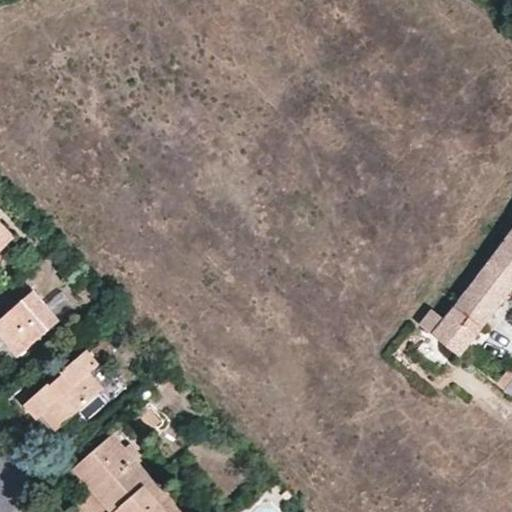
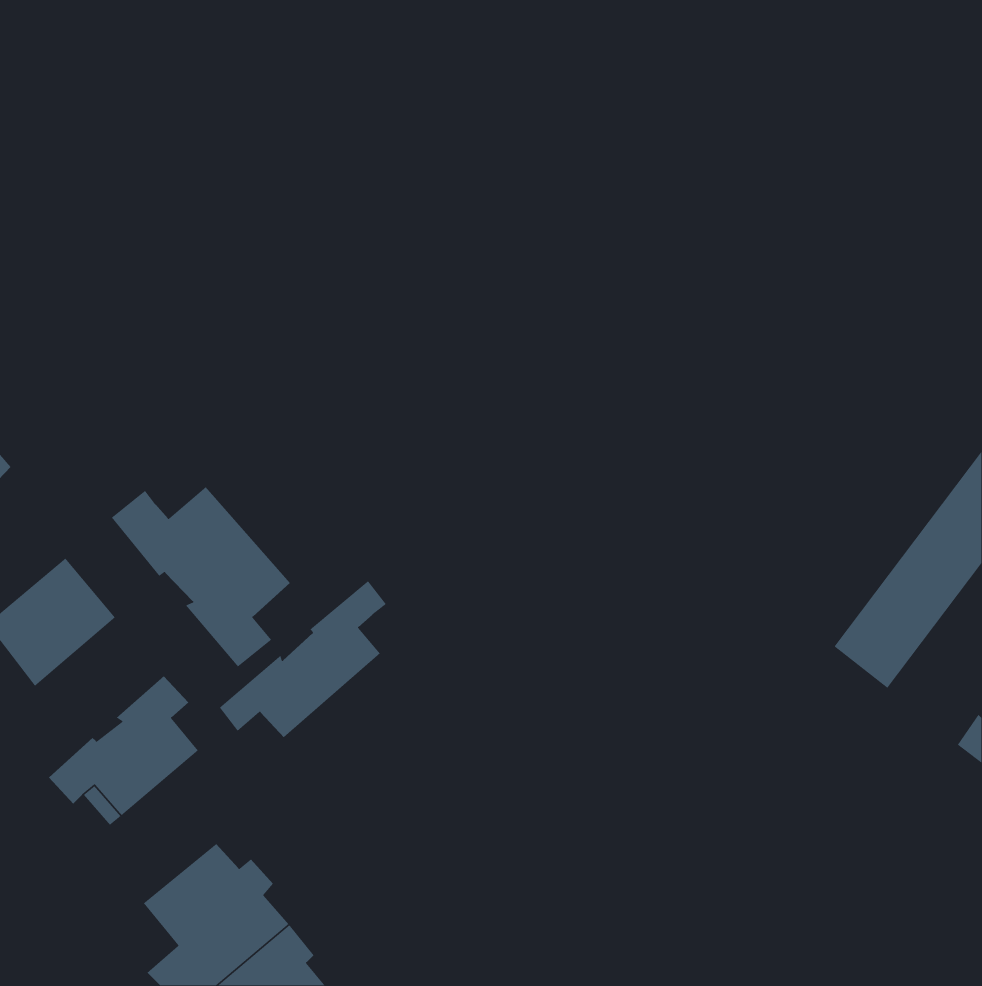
building: none -> [111,486,291,668]
building: none -> [219,580,387,738]

